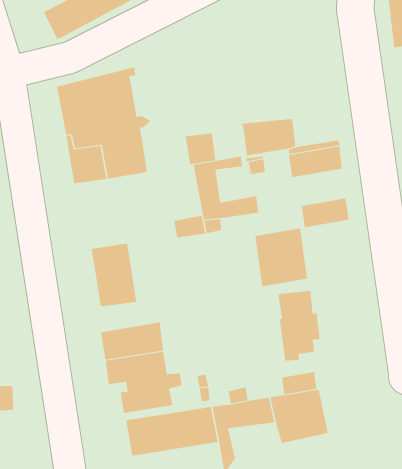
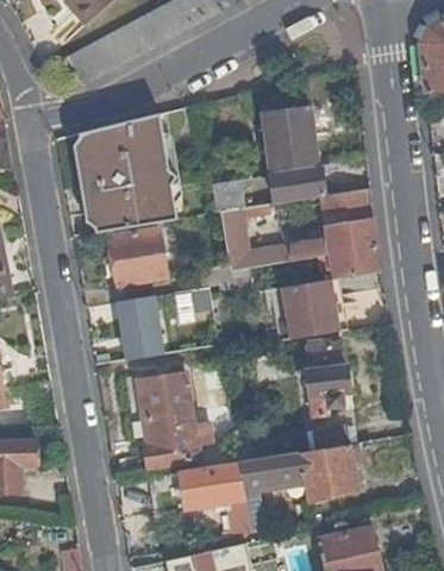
building: none -> [262,107,318,171]
building: none -> [284,218,376,263]
building: none -> [108,228,165,287]

